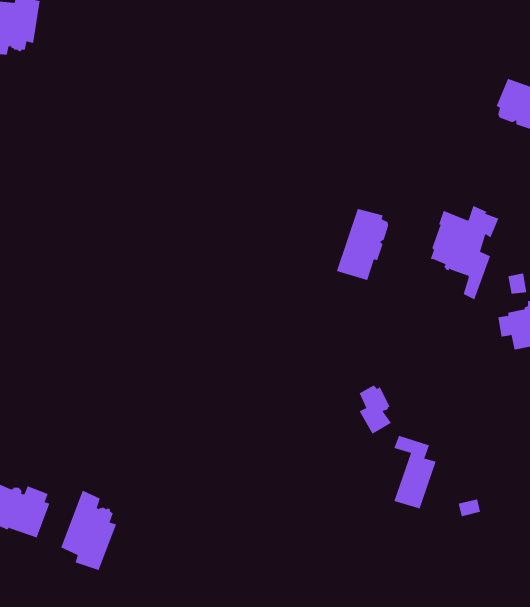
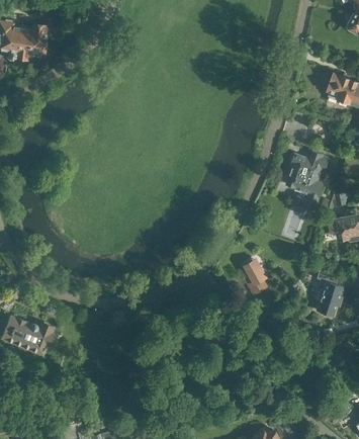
building: [336,208,389,281] -> none
building: [394,435,437,509] -> [317,271,343,317]
building: [60,490,117,571] -> none

